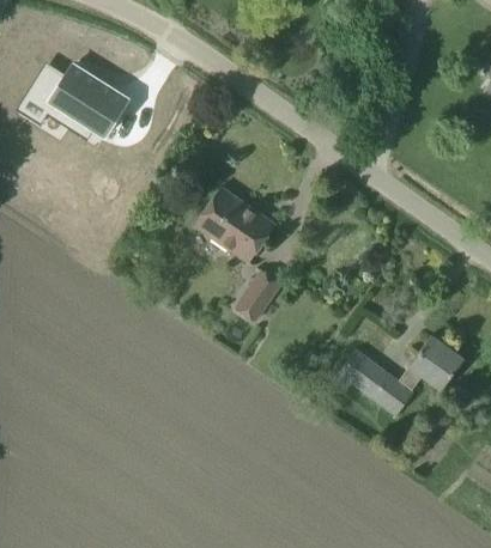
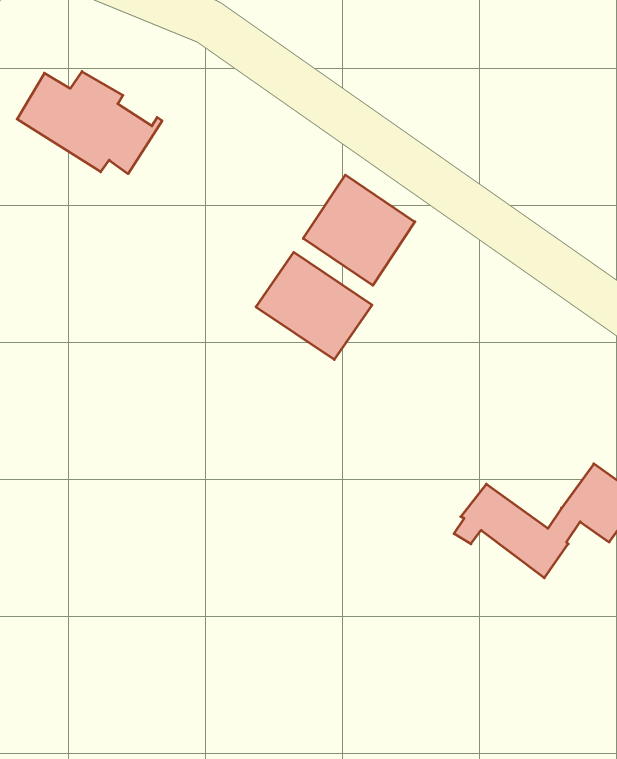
building: none -> [303,175,415,285]
building: [235,270,280,322] -> none

